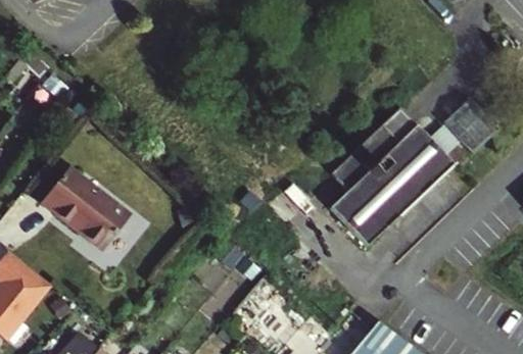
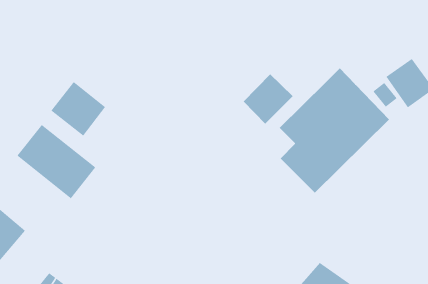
building: none -> [243,73,294,124]
building: none -> [50,81,106,136]

